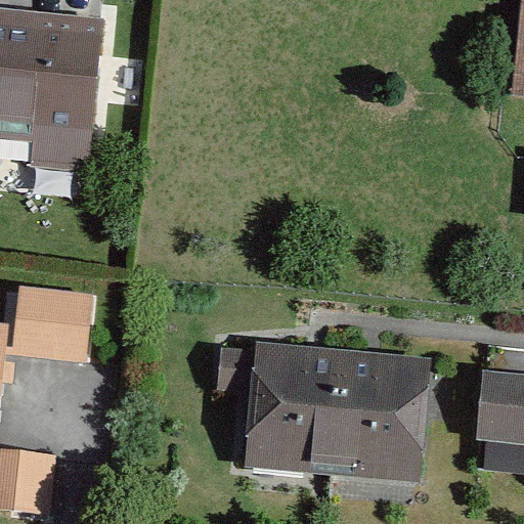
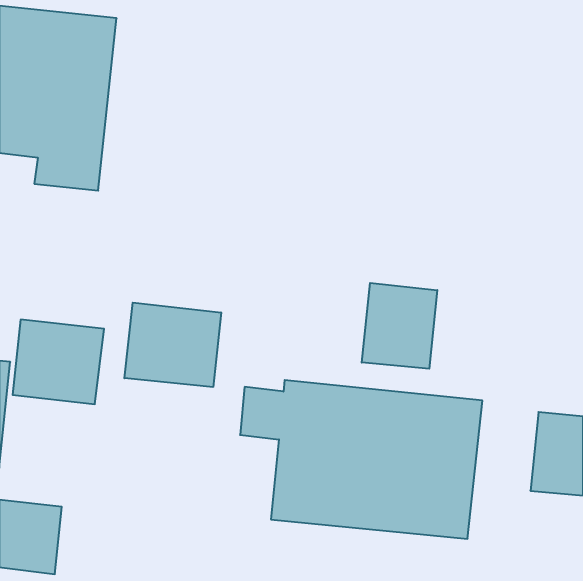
building: none -> [362,283,437,369]
building: none -> [124,303,221,387]

